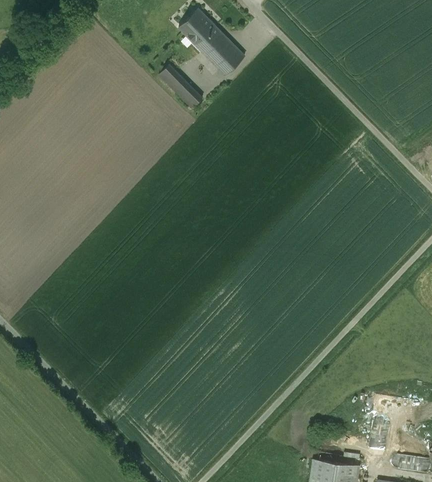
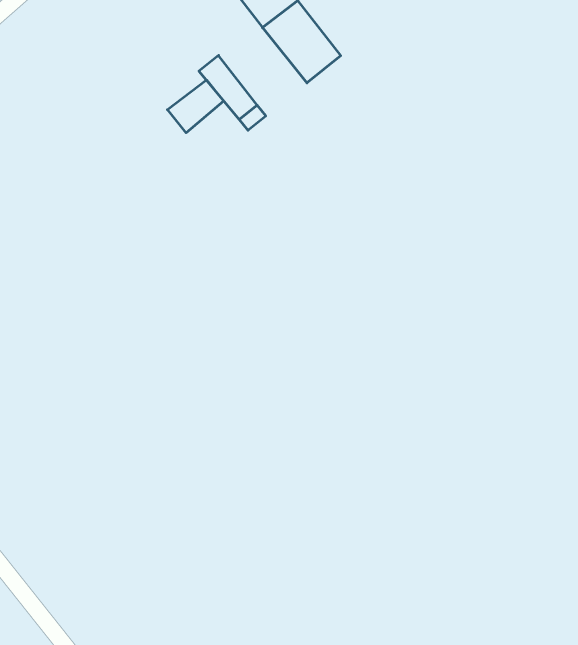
building: none -> [167,80,223,133]

